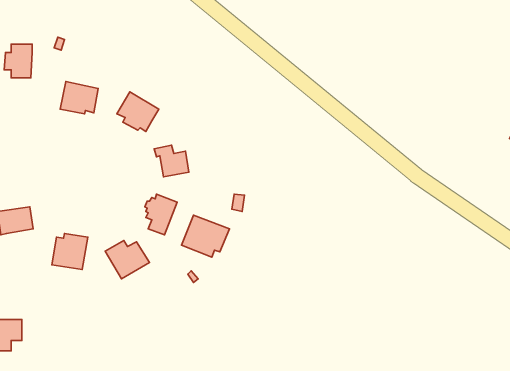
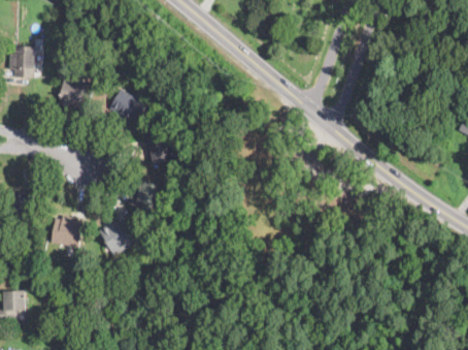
building: [181,215,229,257] -> none

